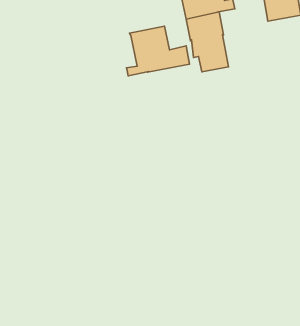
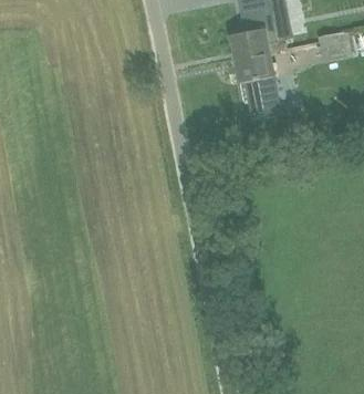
building: [127,26,189,76] -> none

